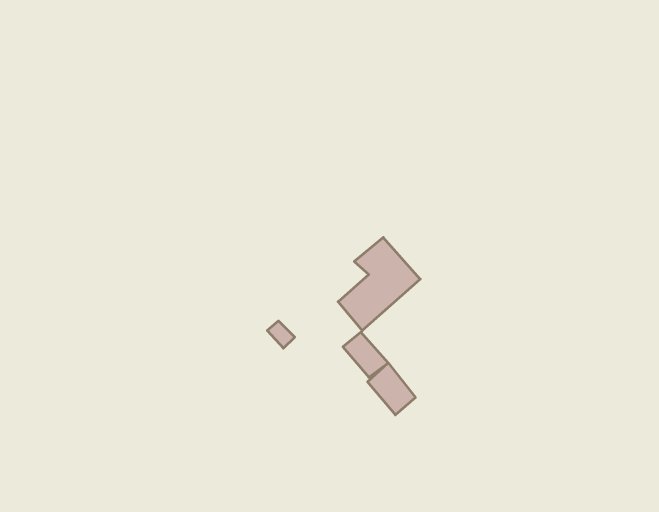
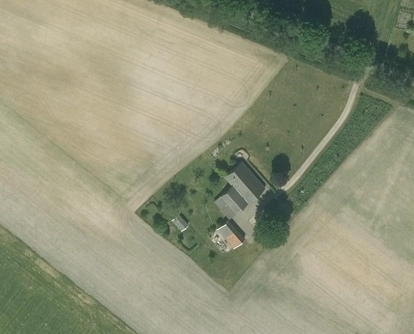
building: [368,363,415,415] -> none

